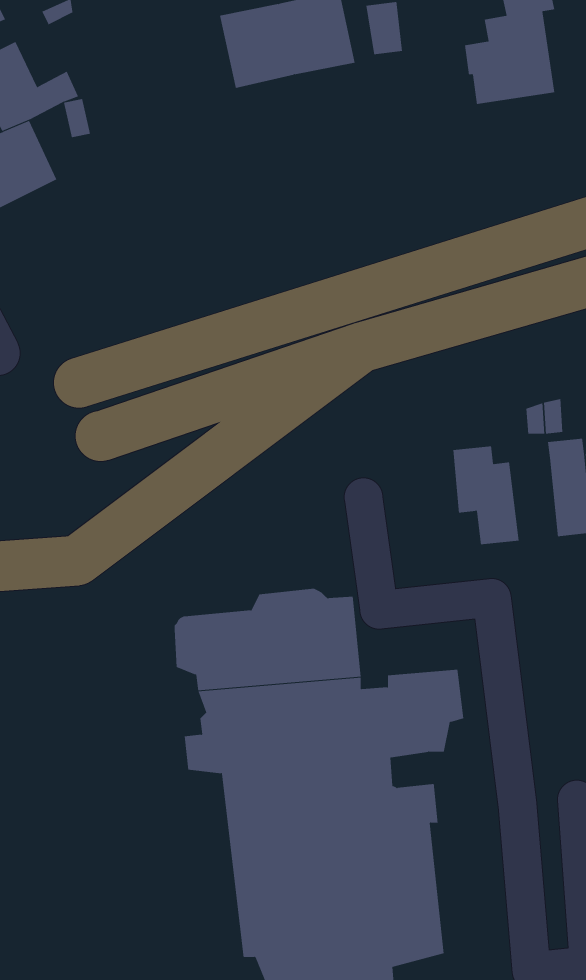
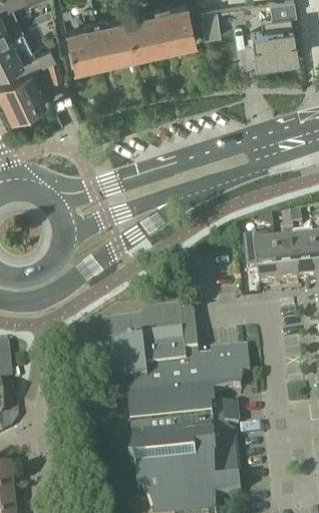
building: none -> [67,20,135,70]
building: none -> [275,244,299,287]

